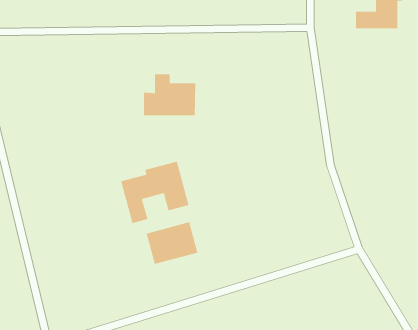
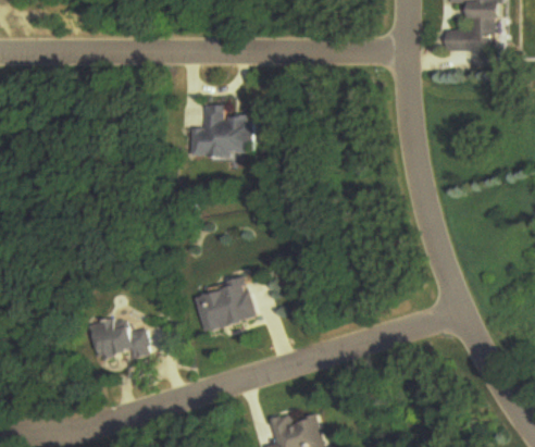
building: [121,161,189,224] -> none
building: none -> [92,320,148,359]

